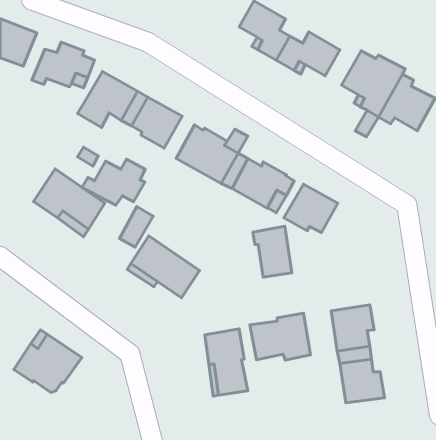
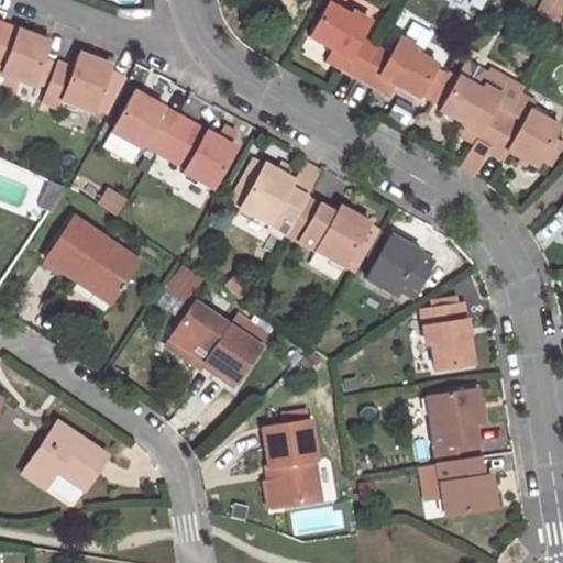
building: [82,159,145,205] -> none
building: [253,226,292,277] -> [423,303,473,368]
building: [250,313,310,360] -> none

